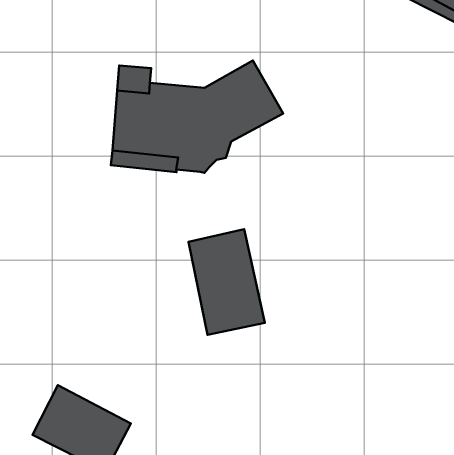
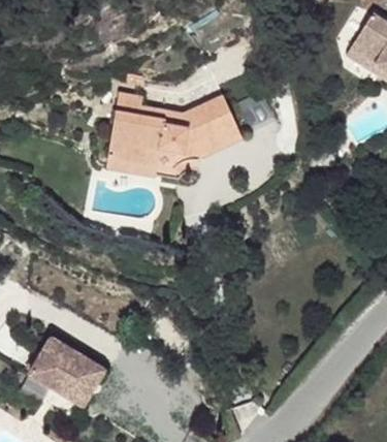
building: [188,229,265,335] -> none

